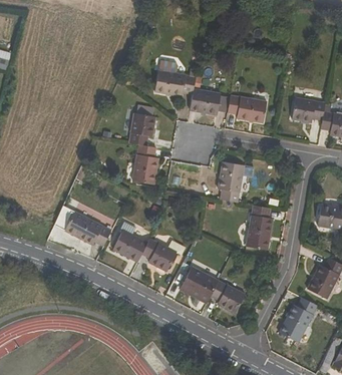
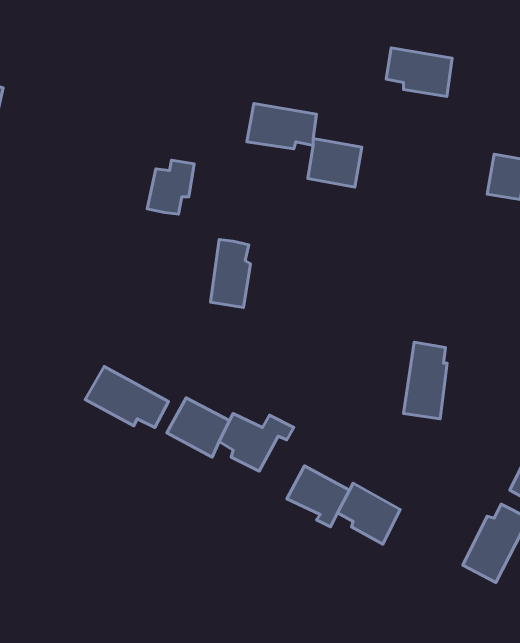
building: [230,91,268,119] -> [386,48,452,97]
building: [129,112,156,143] -> [147,160,194,214]
building: [220,157,246,200] -> none

